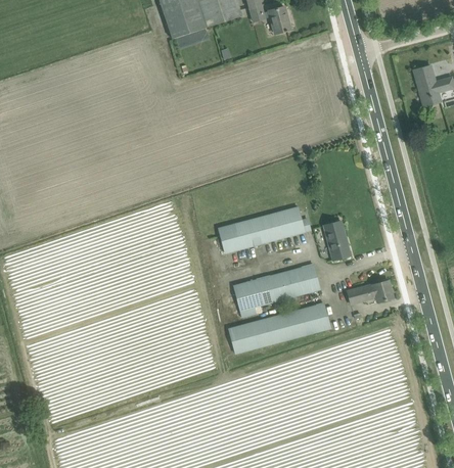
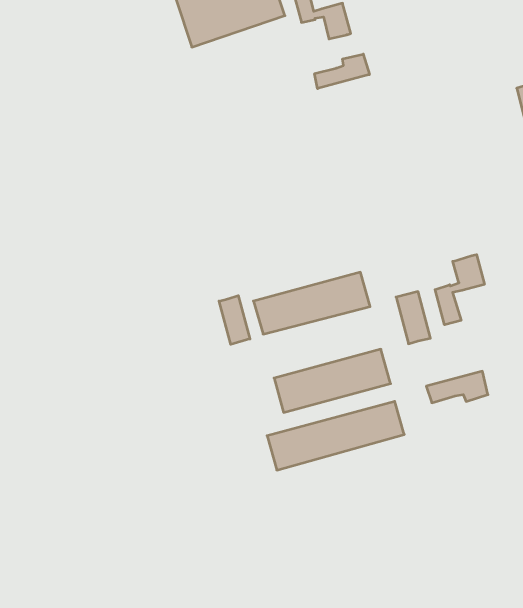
building: none -> [315,54,369,89]
building: none -> [435,255,484,325]
building: none -> [219,296,250,344]

